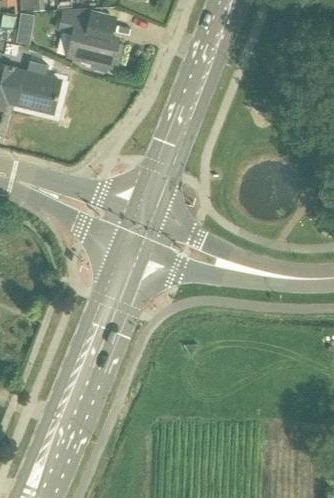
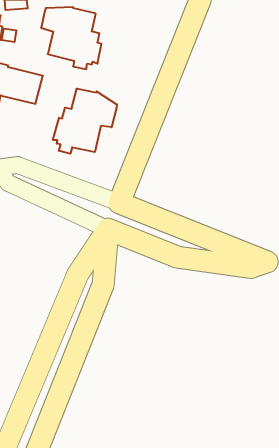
building: none -> [53,89,117,154]

